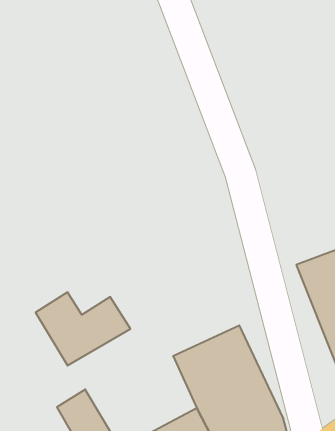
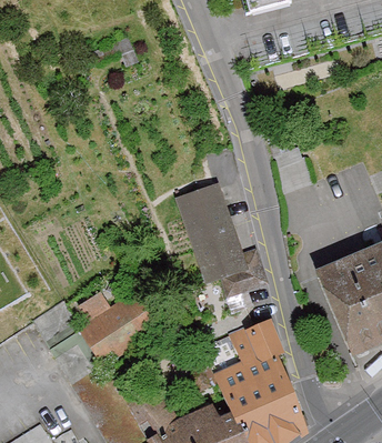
building: none -> [178,183,248,286]

